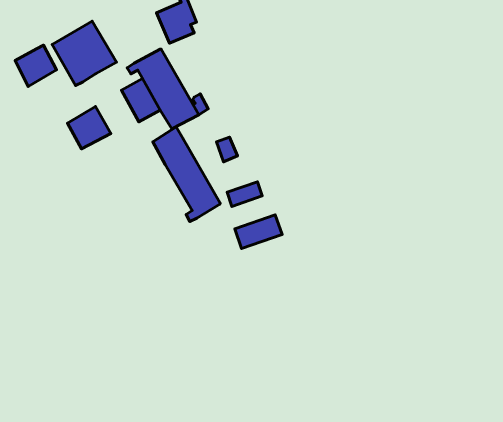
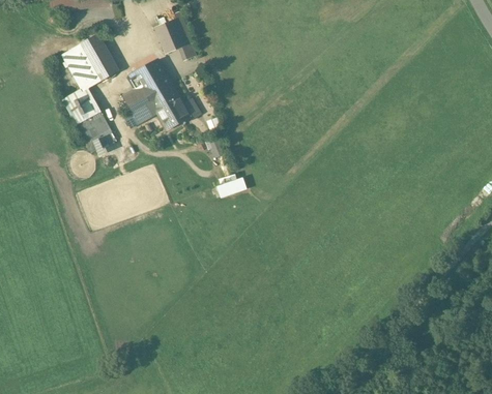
building: [15,45,56,86] -> [63,88,99,124]
building: [153,127,220,221] -> none
building: [235,215,282,248] -> none

